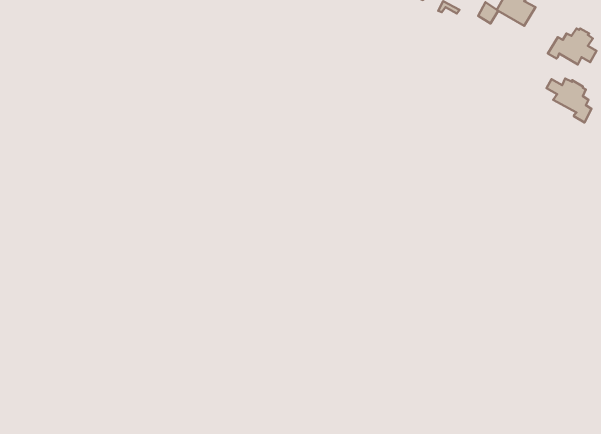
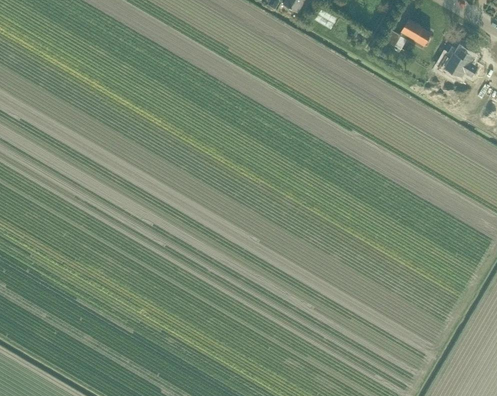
building: [546,79,592,122] -> none

